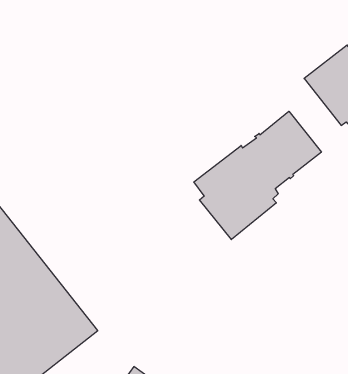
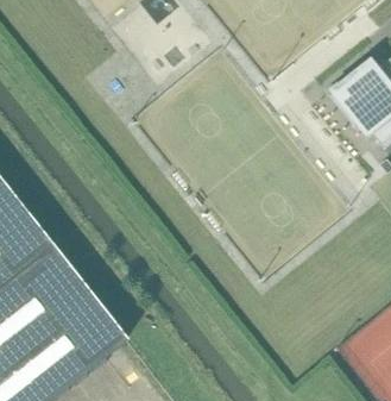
building: [194,111,321,240] -> none

